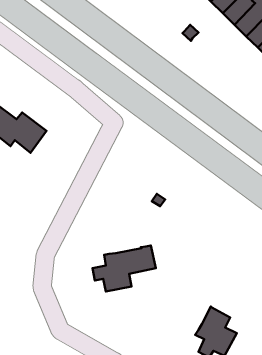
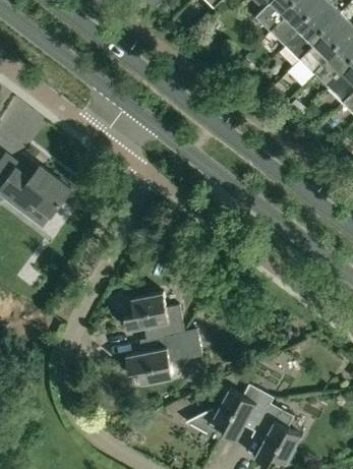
building: none -> [124,292,185,339]
building: none -> [185,385,274,439]

